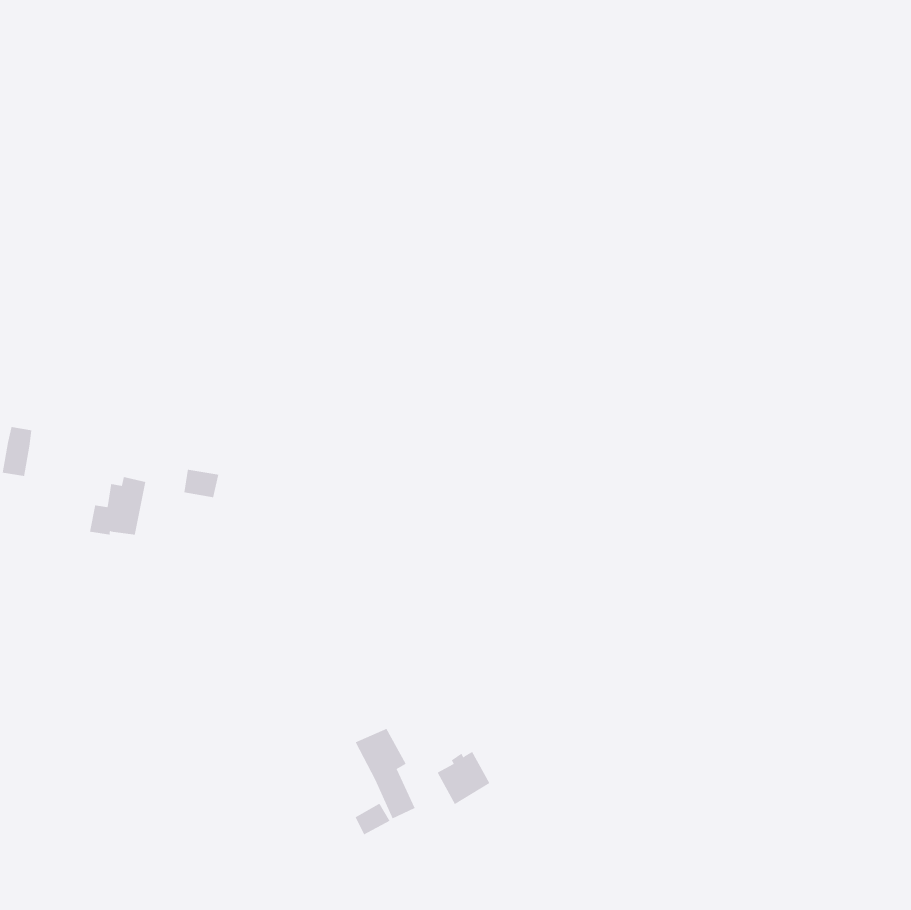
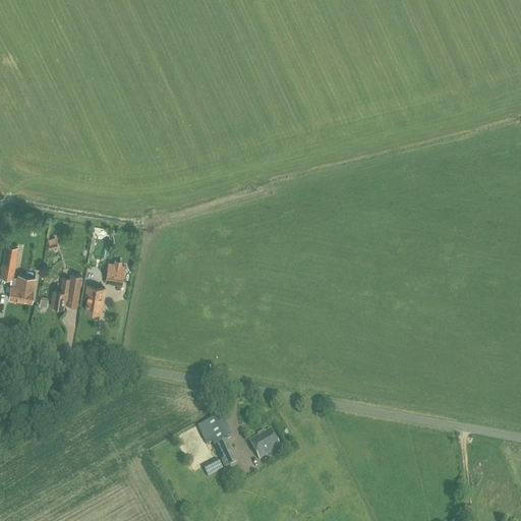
building: none -> [9,274,35,301]
building: none -> [85,284,105,312]

